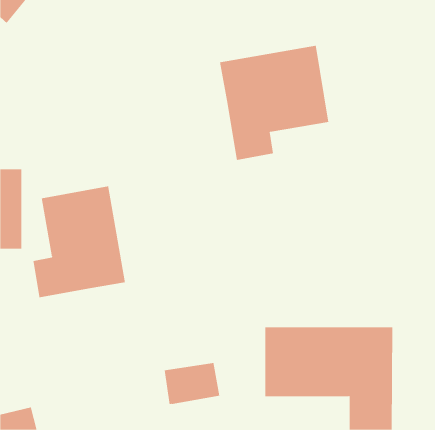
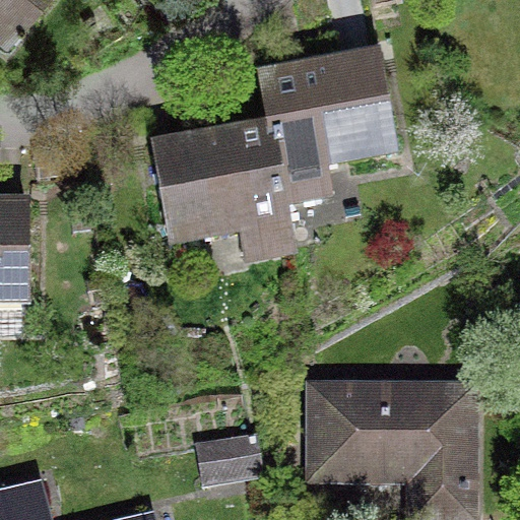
building: none -> [154,124,290,248]
building: [33,185,125,298] -> none

